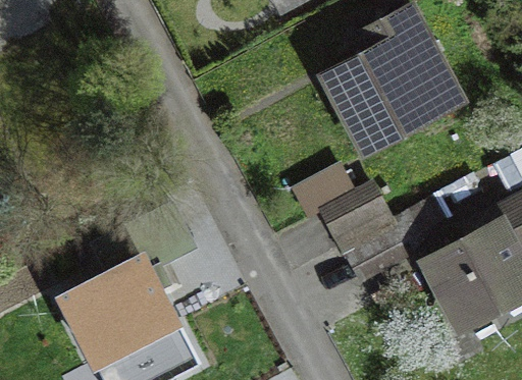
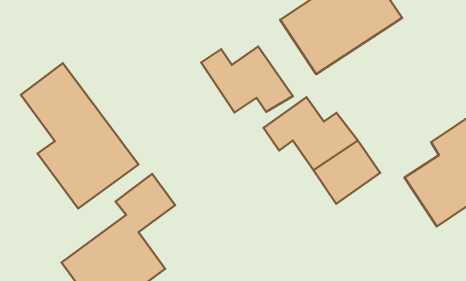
building: none -> [21,63,139,209]
building: none -> [201,47,293,112]

